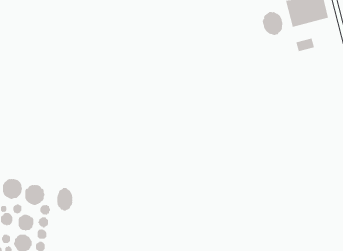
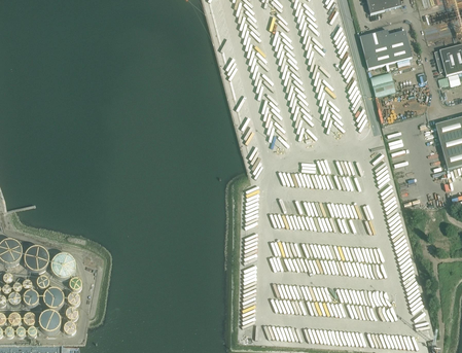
building: [262,11,283,36] -> none
building: [57,187,73,211] -> none

